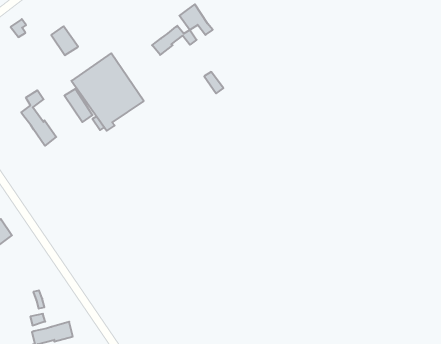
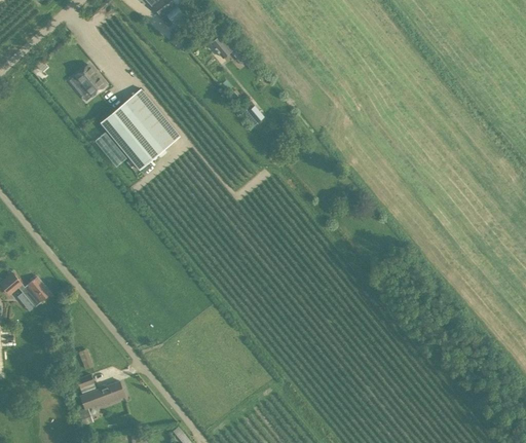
building: [152,26,197,55] -> none
building: [21,90,56,146] -> none

